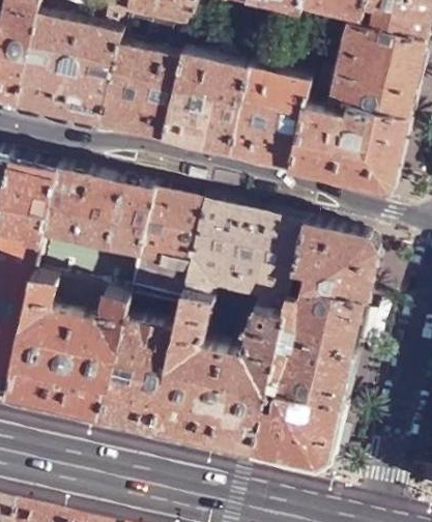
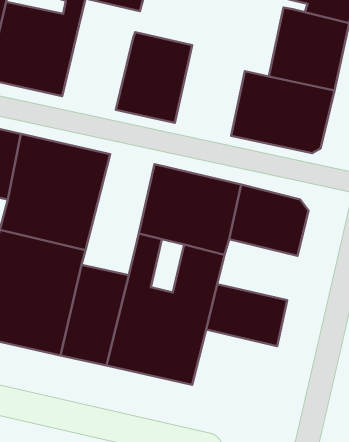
building: [102,48,181,142] -> none
building: [228,69,309,171] -> none
building: [123,192,205,327] -> none
building: [276,287,366,355] -> none
building: [248,388,343,466] -> none

